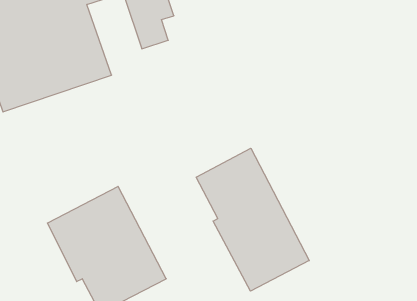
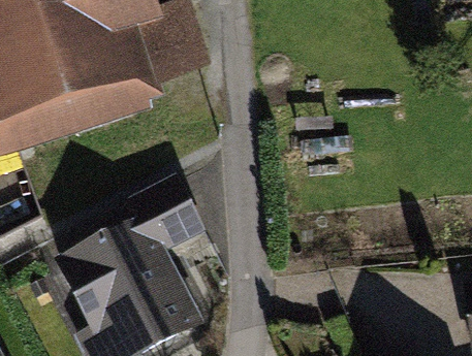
building: [196,148,309,291] -> none

